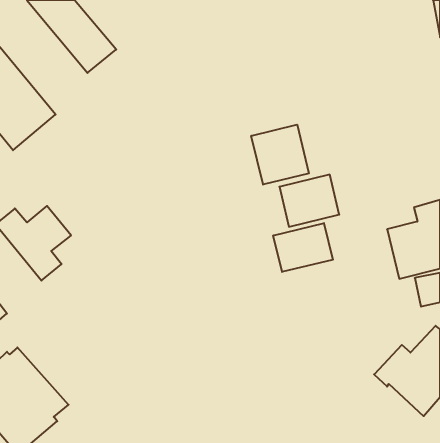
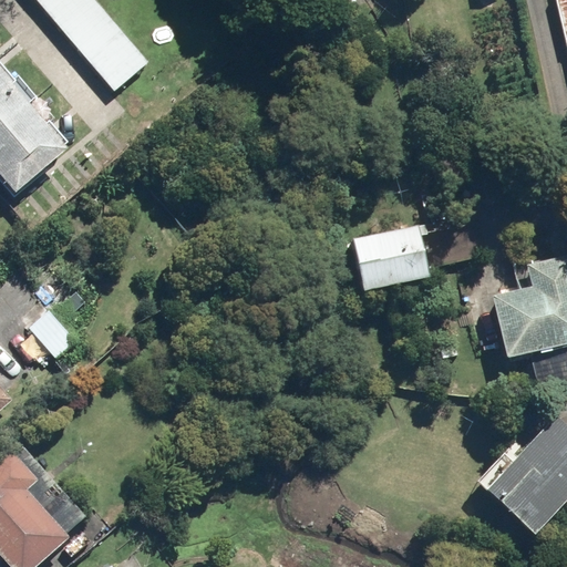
building: [251,125,309,185] -> none
building: [273,223,333,272] -> none

